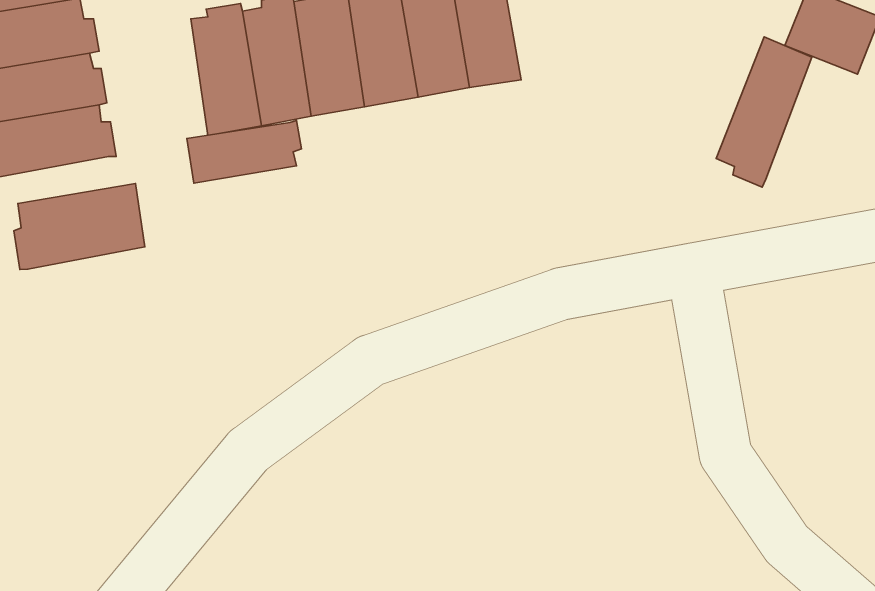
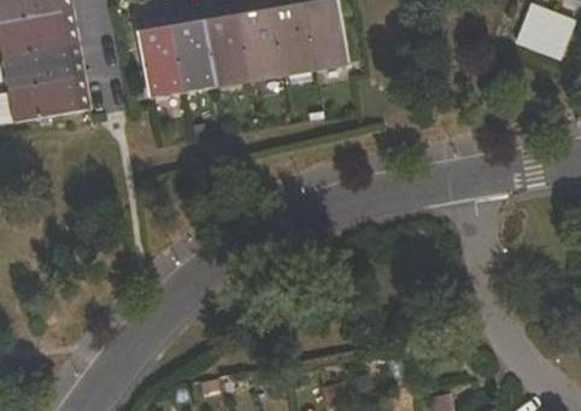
building: [716,37,812,187] -> none
building: [187,120,301,183] -> none
building: [14,184,145,270] -> none

